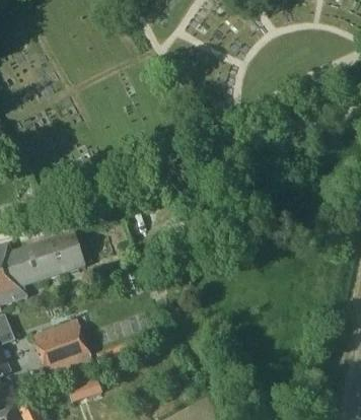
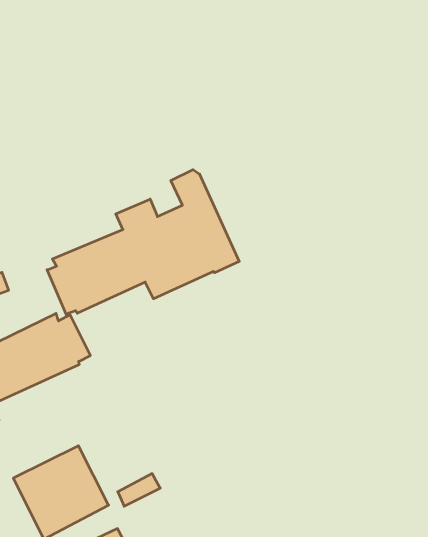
building: none -> [47,170,239,314]

